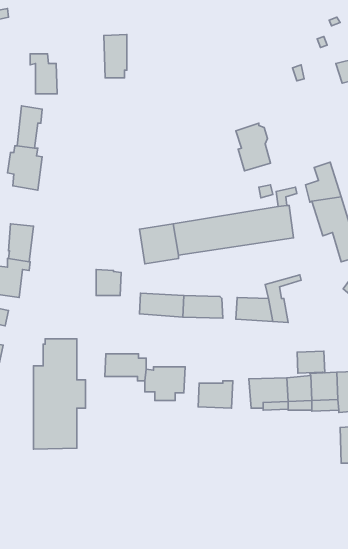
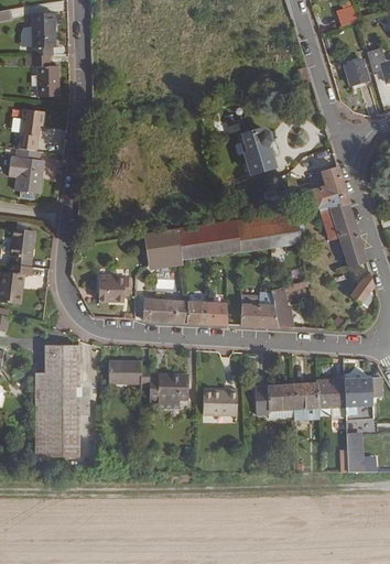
building: [104,35,127,78] -> [31,11,54,55]
building: [297,351,325,373] -> none

